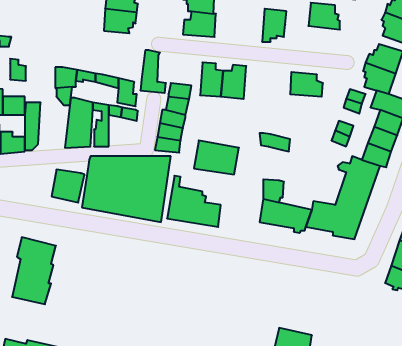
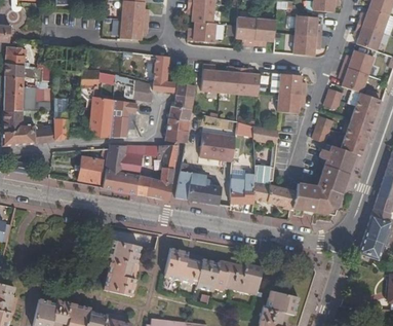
building: none -> [236,20,258,48]
building: none -> [293,35,321,57]
building: none -> [240,69,261,98]
building: none -> [277,93,306,114]
building: none -> [230,174,257,204]
building: [12,237,56,304] -> [104,240,141,296]
building: none -> [164,249,262,295]

